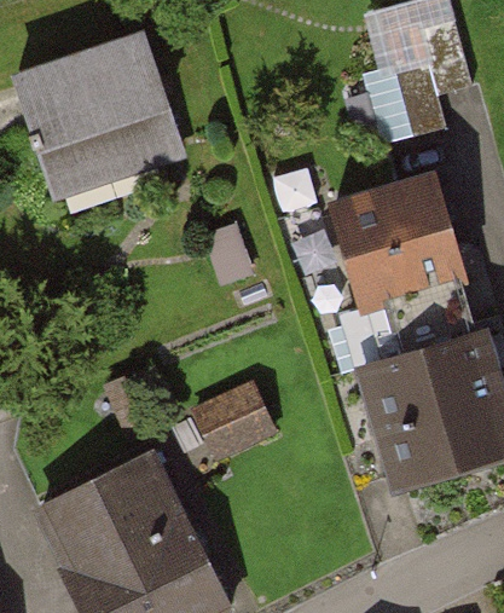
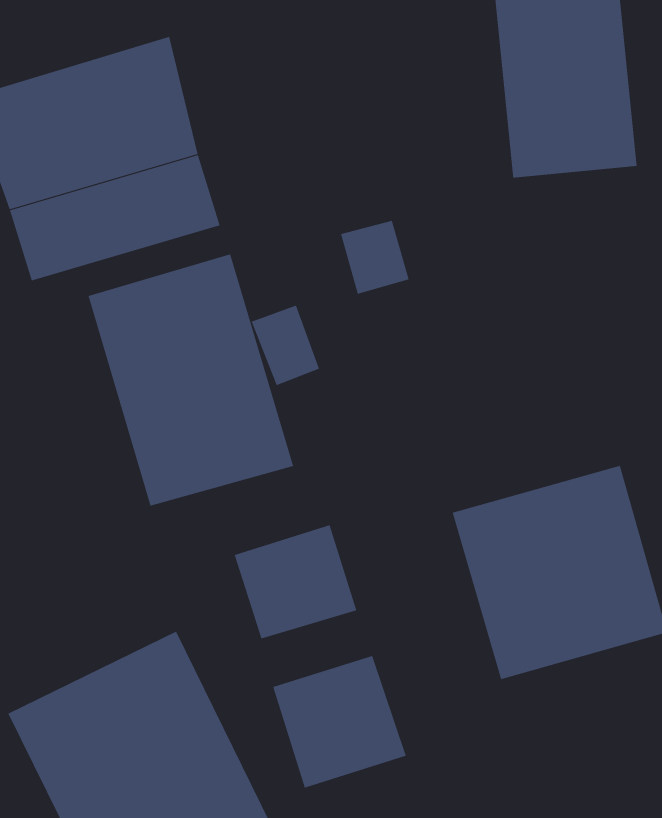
building: [332,180,469,308] -> none
building: none -> [88,253,294,507]
building: none -> [273,655,406,788]

